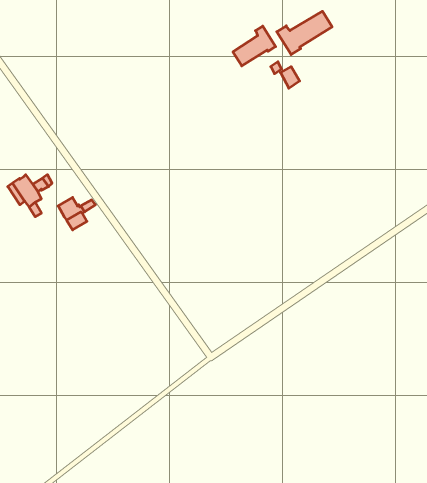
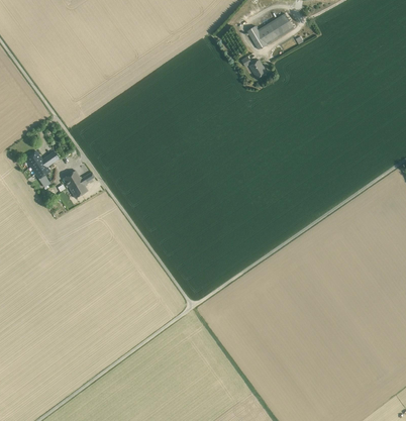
building: [233,26,276,66] -> none

